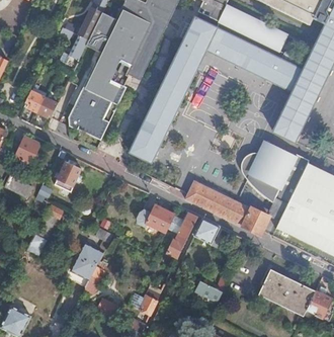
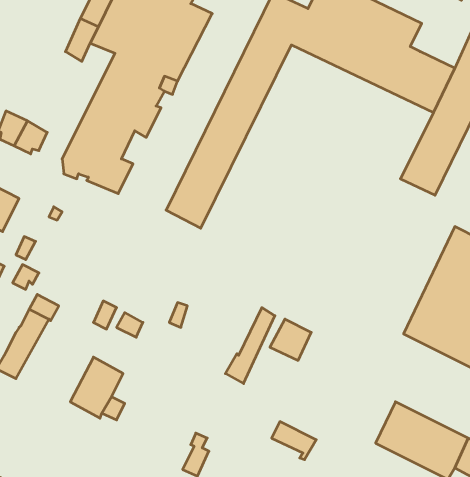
building: [243,139,294,196] -> none
building: [54,161,81,190] -> none
building: [184,180,267,235] -> none
building: [146,204,172,231] -> none

